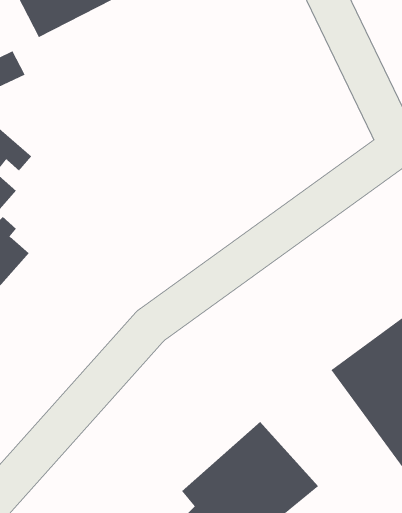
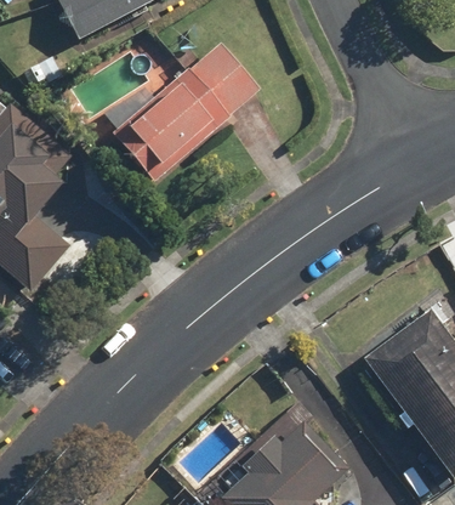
building: none -> [103,41,262,171]

